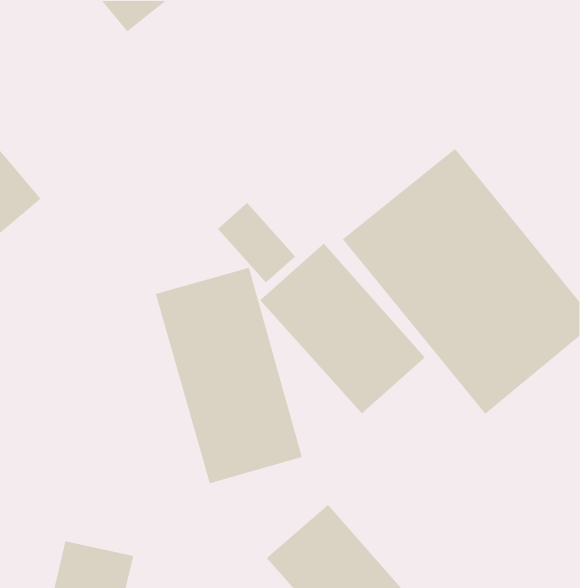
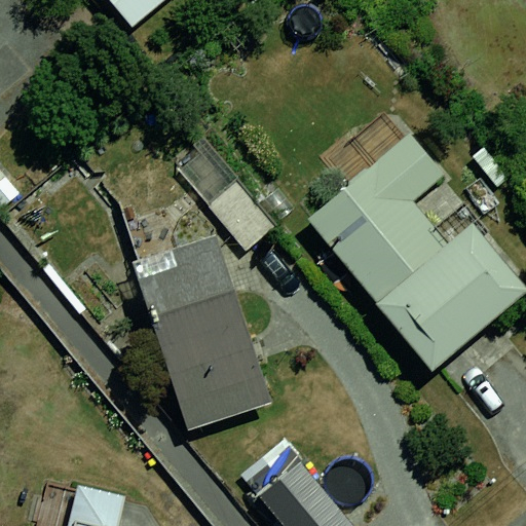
building: [259,243,425,414] -> none

